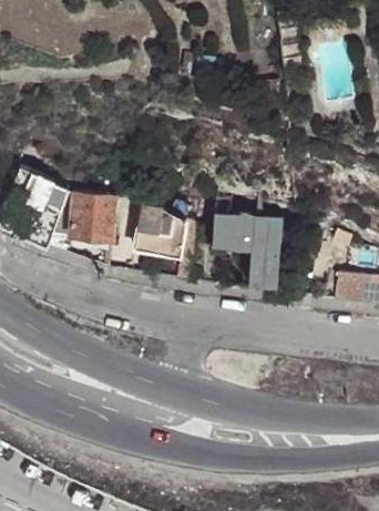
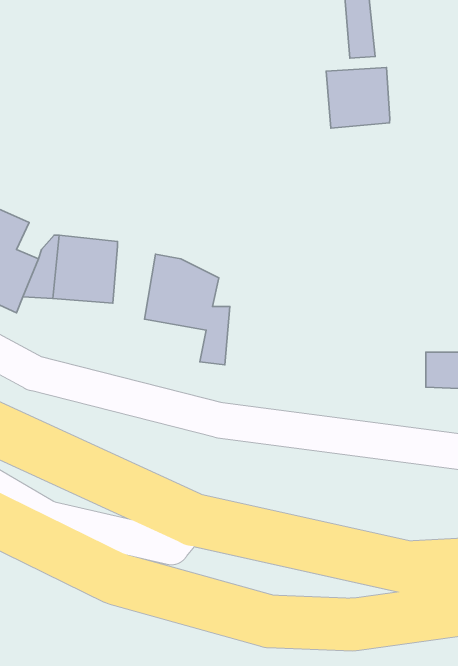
building: none -> [326,67,390,128]
building: [211,214,287,282] -> none

